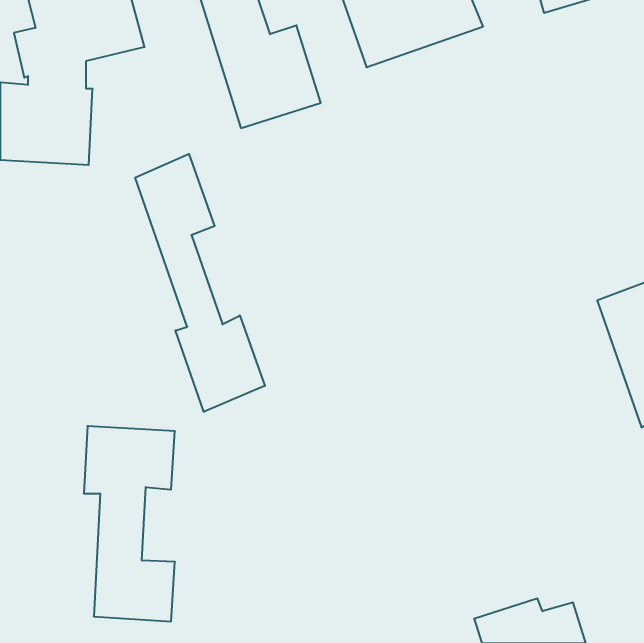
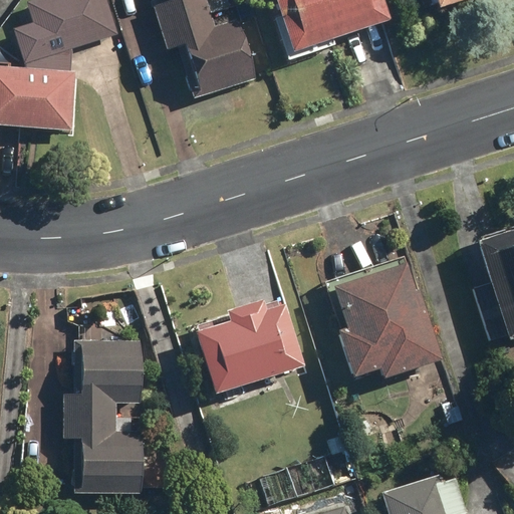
building: [135,154,265,412] -> none
building: none -> [332,257,440,378]
building: none -> [194,298,303,394]

